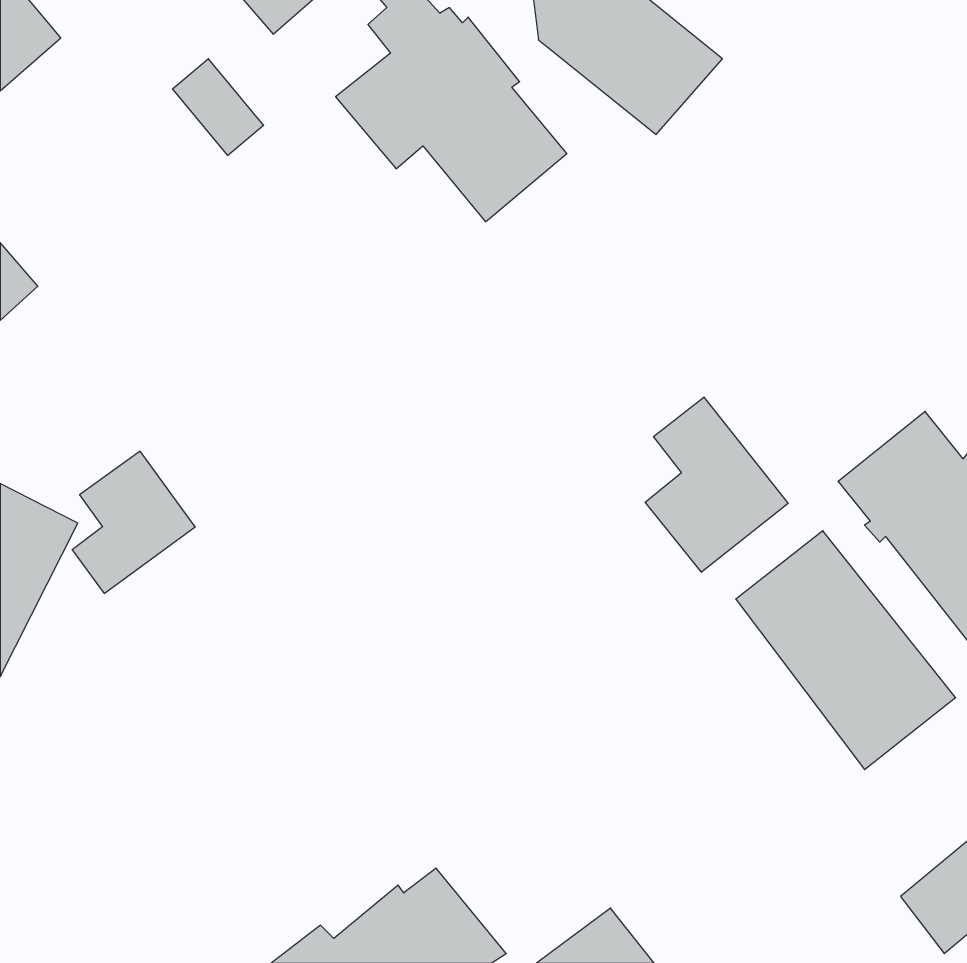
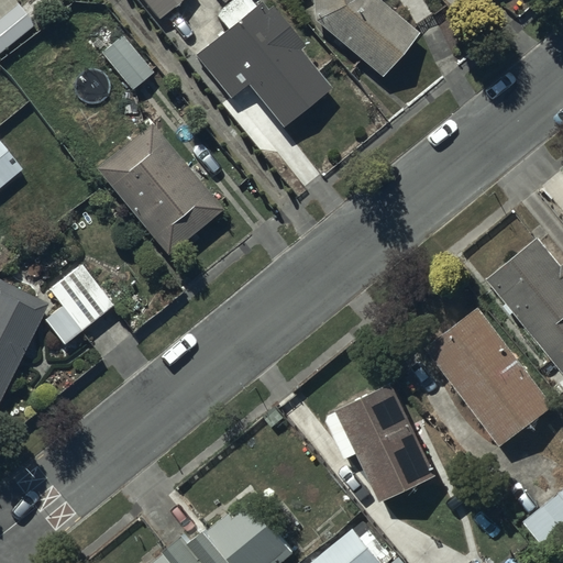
building: none -> [96,123,223,256]
building: [645,397,788,572] -> none
building: none -> [328,382,440,503]

